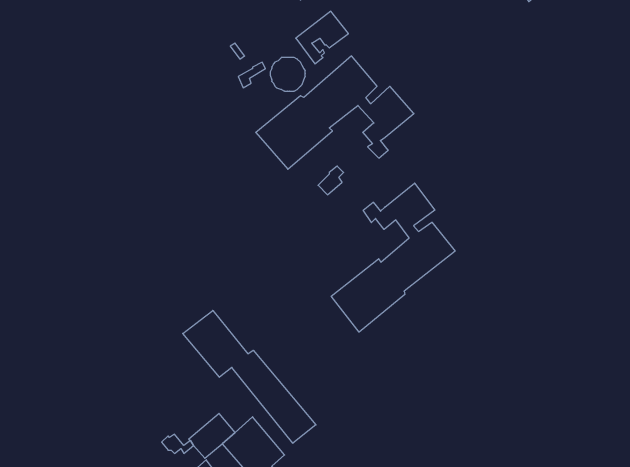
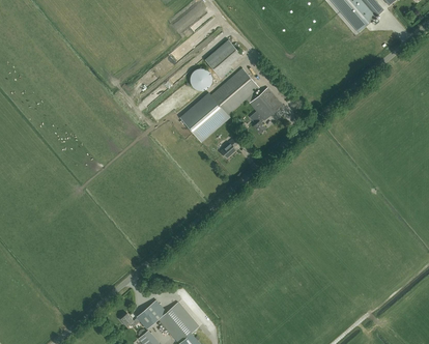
building: [331,183,455,332] -> none
building: [183,310,316,443] -> none

